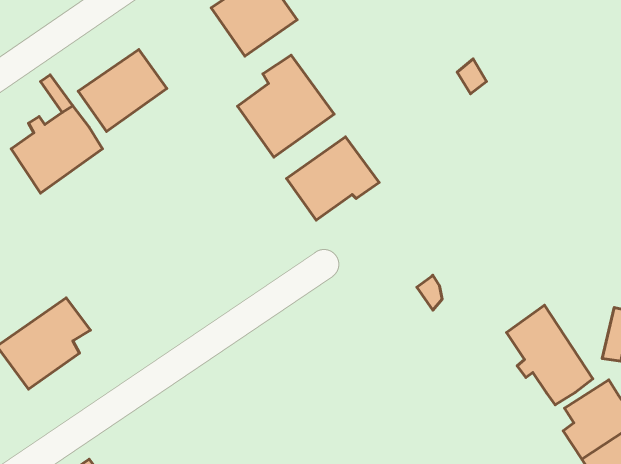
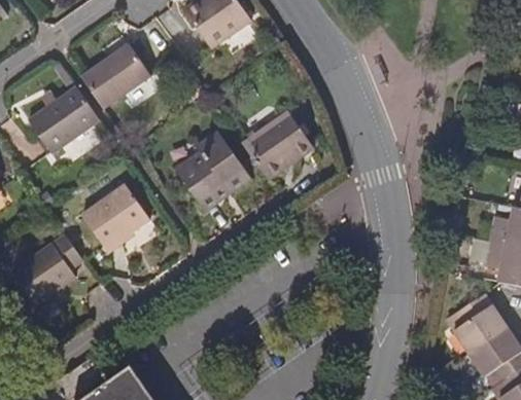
building: [237,55,334,157] -> [175,130,249,208]
building: none -> [84,183,151,246]
building: [507,305,593,405] -> none

